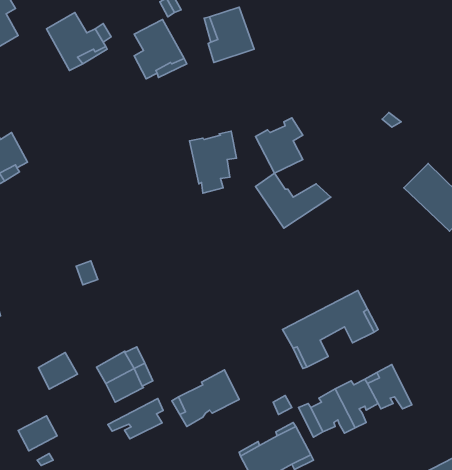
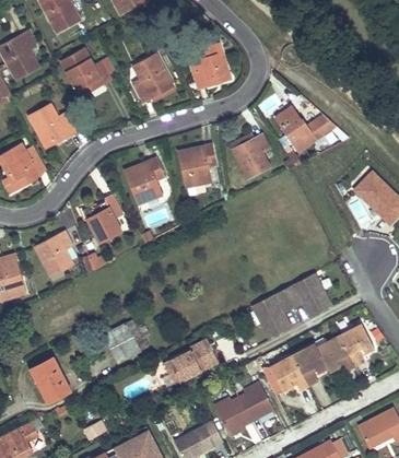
building: none -> [28,104,75,146]
building: none -> [124,157,163,204]
building: [255,173,331,228] -> [274,106,336,151]
building: none -> [81,195,120,243]
building: none -> [34,231,72,277]
building: [38,353,77,389] -> [30,357,61,387]
building: none -> [341,326,377,366]
building: [108,398,163,439] -> none

